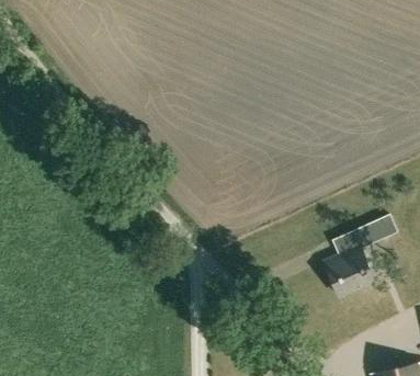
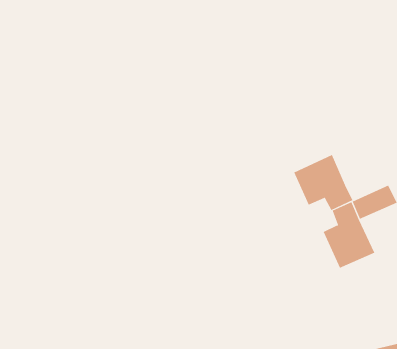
building: none -> [293,154,353,211]

